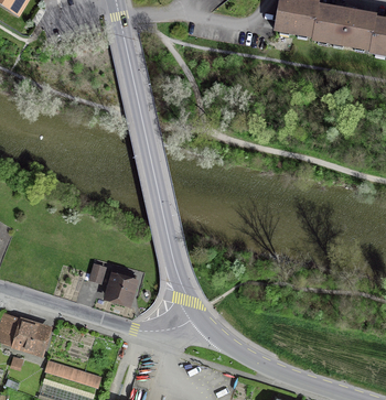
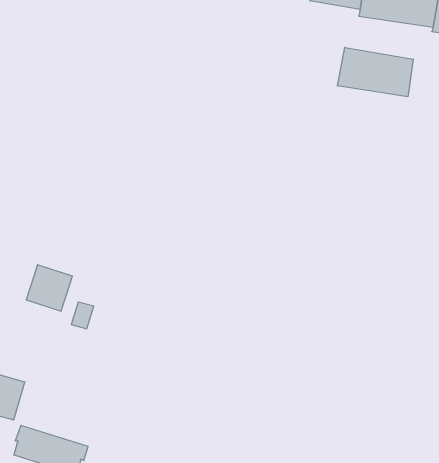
building: none -> [337,47,413,97]
building: [104,274,140,311] -> [26,265,73,311]

